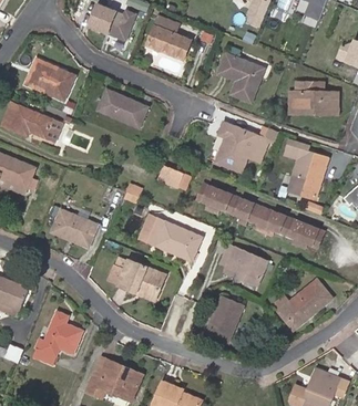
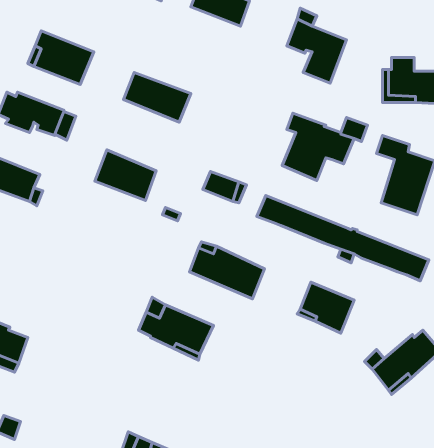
building: [53,208,99,246] -> [95,150,156,201]
building: [206,299,243,343] -> none
building: [31,310,82,364] -> none

